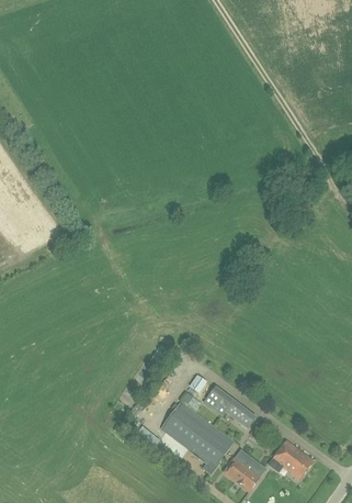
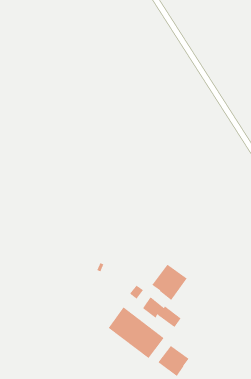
building: none -> [152,264,188,301]
building: [266,440,311,478] -> none

